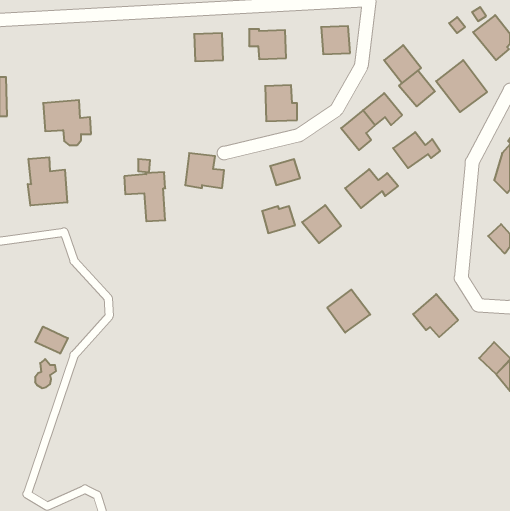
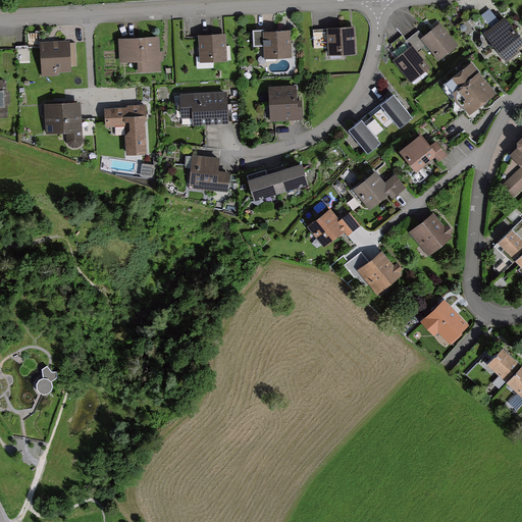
building: none -> [119,38,160,72]
building: none -> [41,41,76,74]
building: [399,70,435,106] -> [420,24,457,61]
building: none -> [179,89,228,124]
building: [28,157,67,206] -> none
building: [124,172,165,221] -> [104,106,146,156]
building: [262,206,295,233] -> [248,169,281,197]
building: none -> [409,214,454,259]
building: [327,290,370,333] -> [357,252,401,296]
building: [35,327,68,354] -> none

